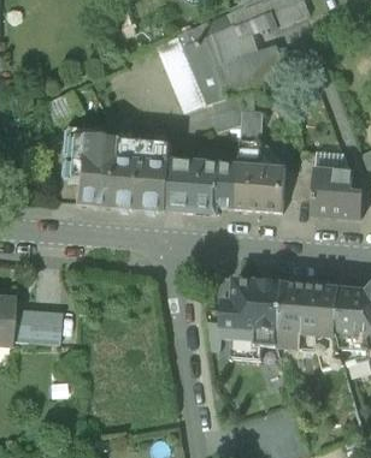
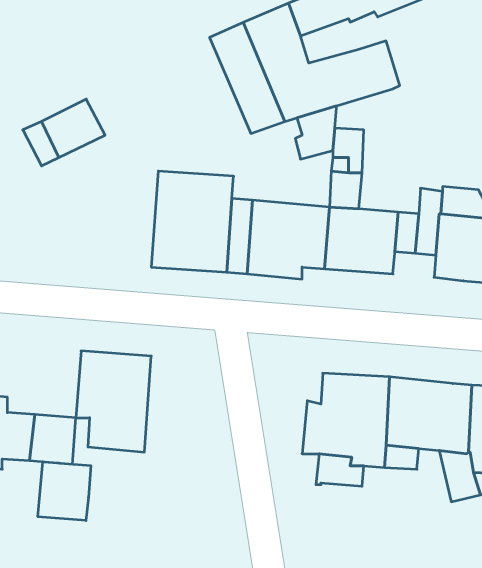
building: [219,31,260,63] -> none
building: [66,135,119,206] -> [76,351,151,452]
building: none -> [38,462,91,521]

